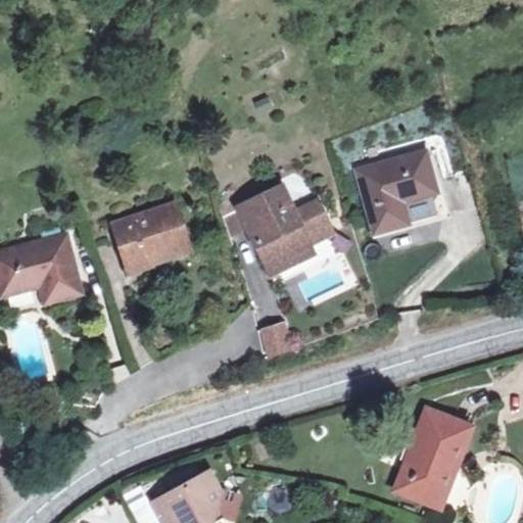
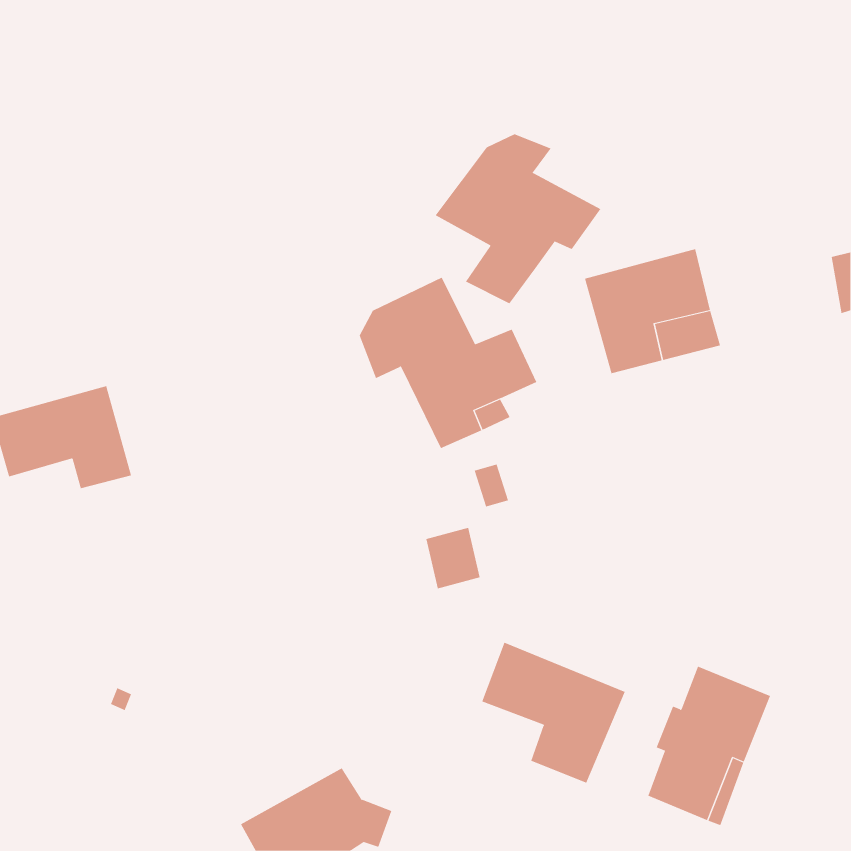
building: none -> [435,133,601,304]
building: [117,205,186,267] -> none
building: none -> [482,642,626,784]

